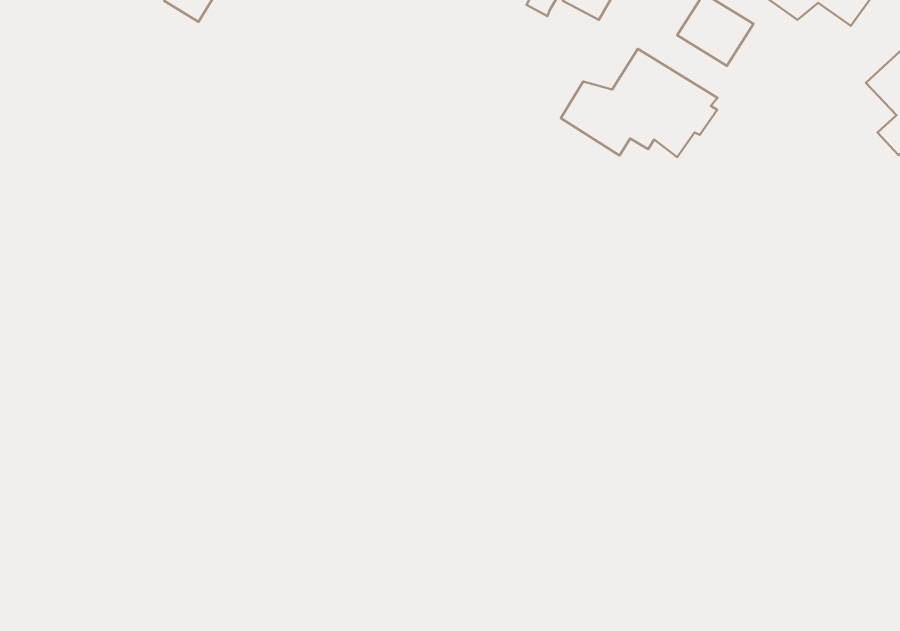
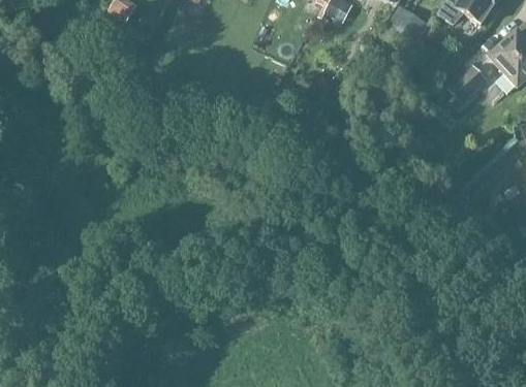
building: [561,49,717,157] -> none
building: none -> [448,61,492,101]

